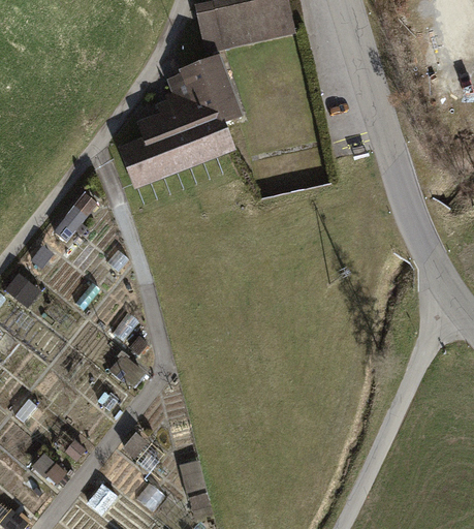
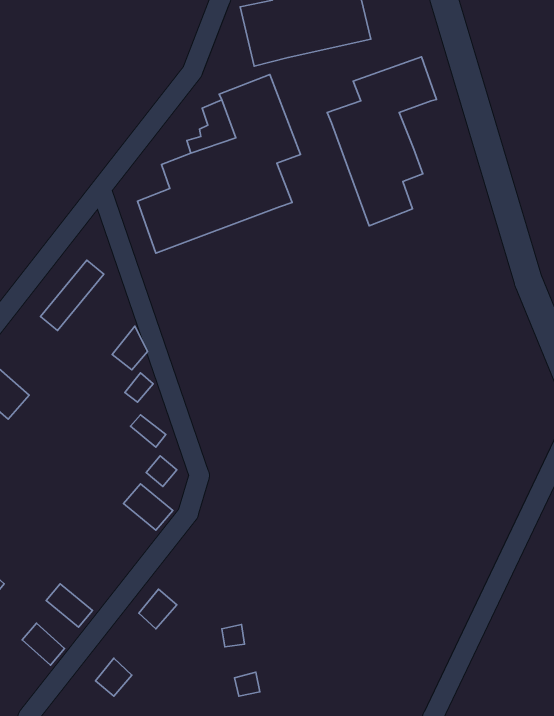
building: none -> [327,57,436,226]

